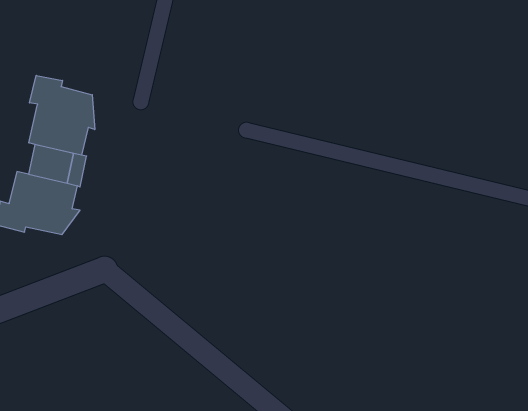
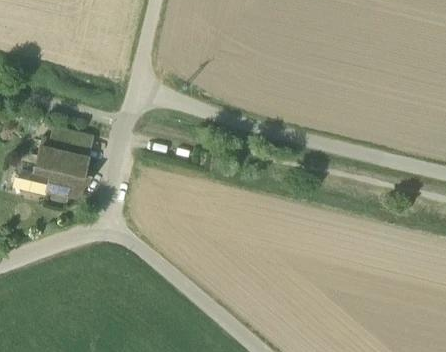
building: [29,75,95,155] -> none

